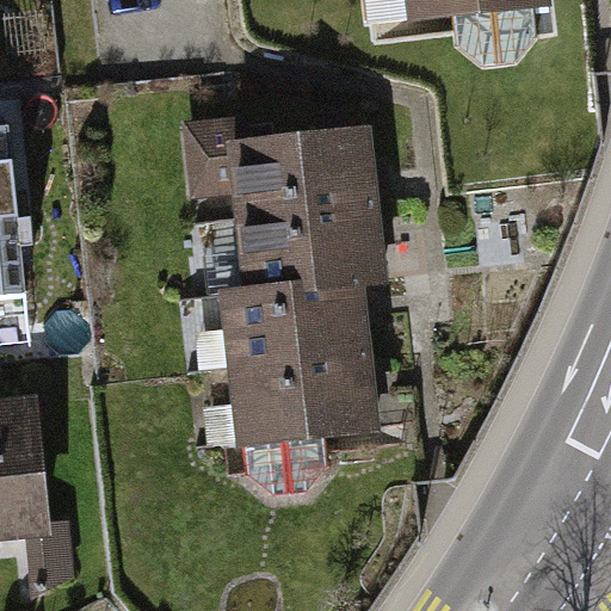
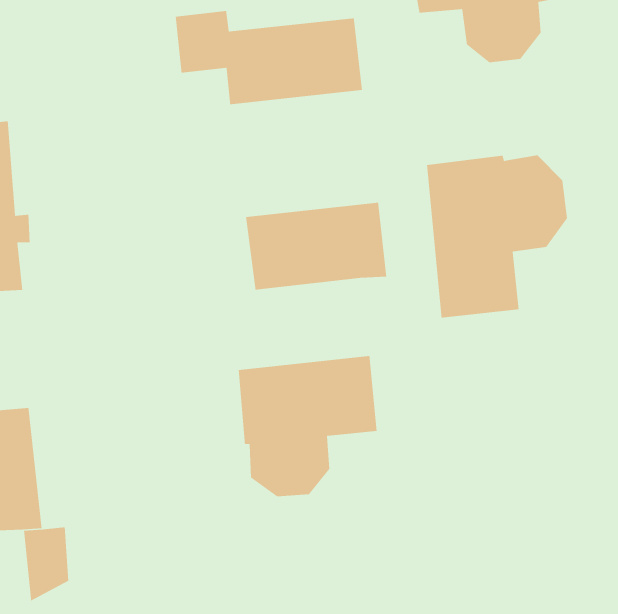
building: [187,119,372,212] -> [175,10,363,105]
building: none -> [426,154,568,319]
building: [226,273,364,363] -> none

